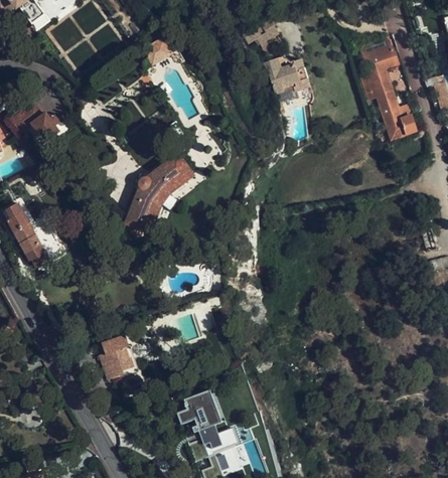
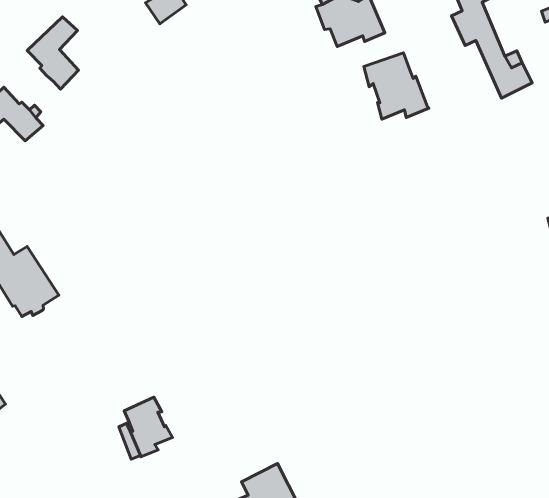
building: none -> [27,17,79,89]
building: none -> [364,53,429,119]
building: [125,151,195,229] -> none

